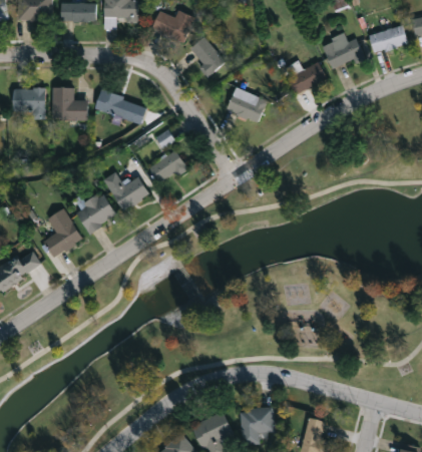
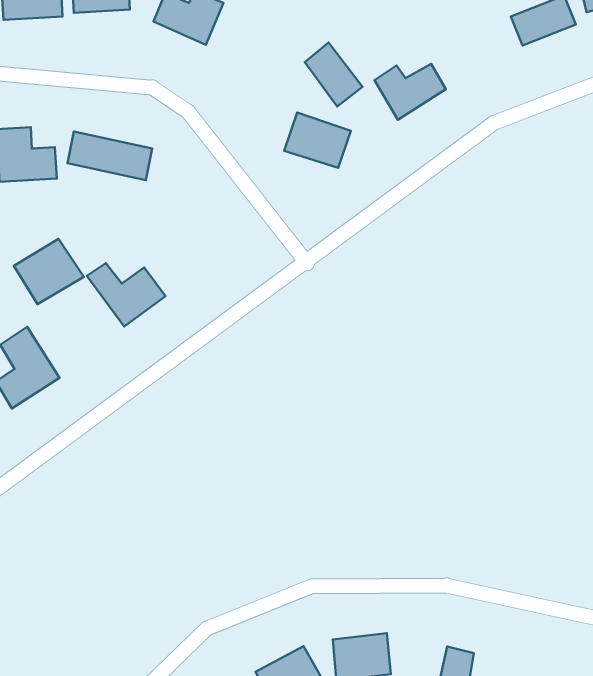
building: [190,36,225,75] -> [305,43,362,106]
building: [321,36,362,69] -> none
building: [149,153,185,182] -> none
building: [74,193,116,233] -> [14,239,84,304]

